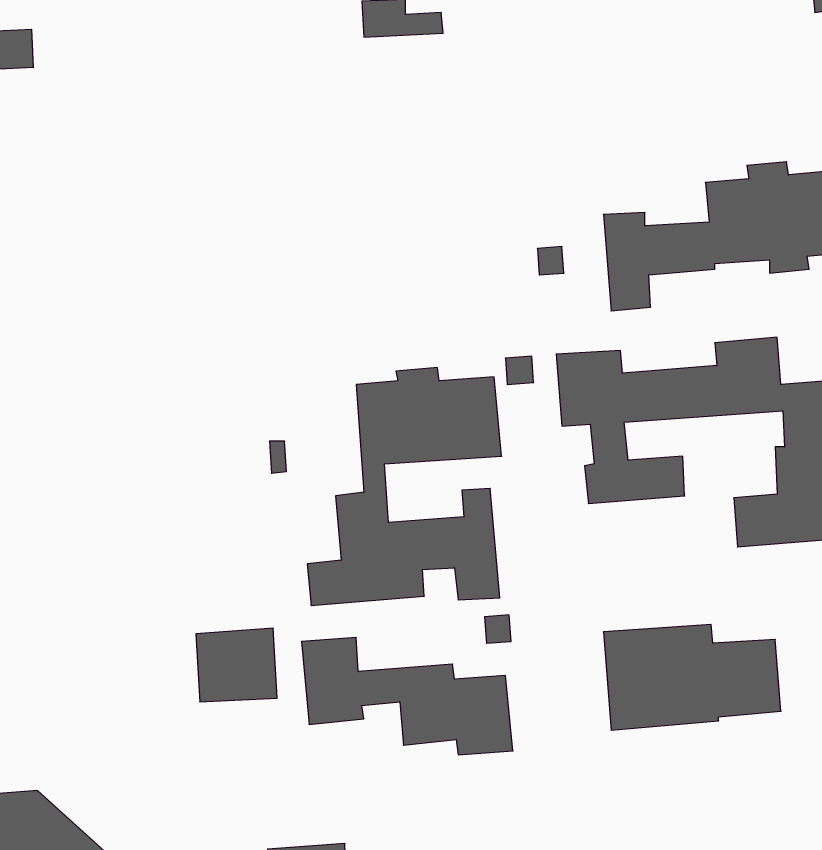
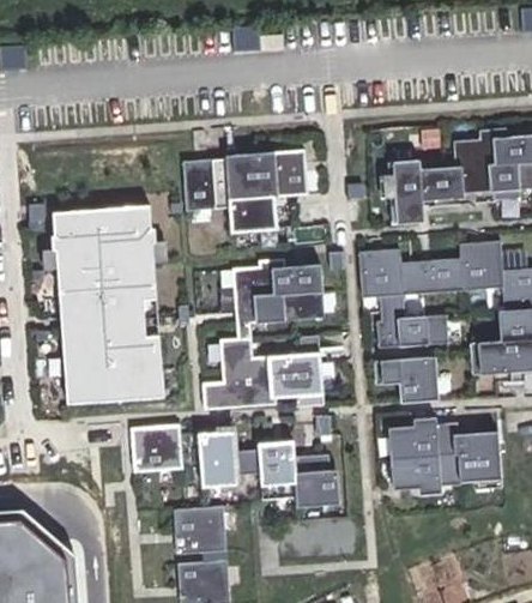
building: none -> [182,150,308,233]
building: none -> [53,206,162,403]
building: none -> [375,355,440,400]
building: none -> [174,506,226,554]

